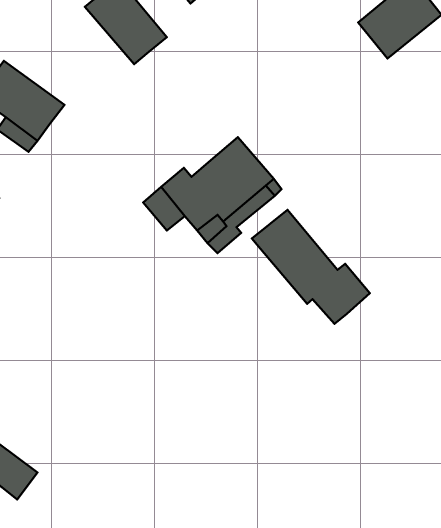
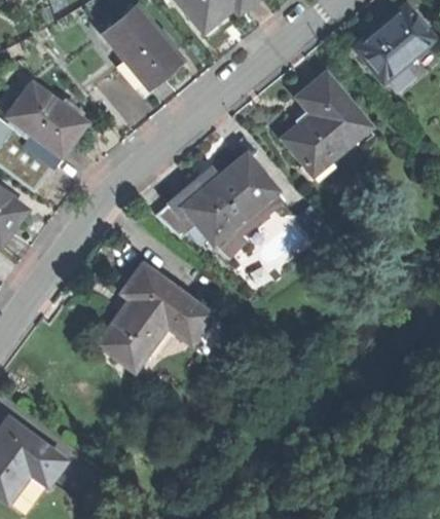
building: none -> [282,74,363,166]
building: [252,210,370,324] -> none
building: none -> [97,264,210,369]

